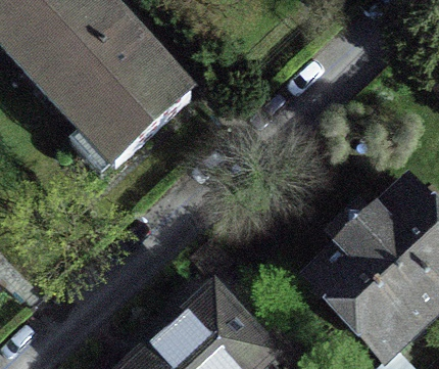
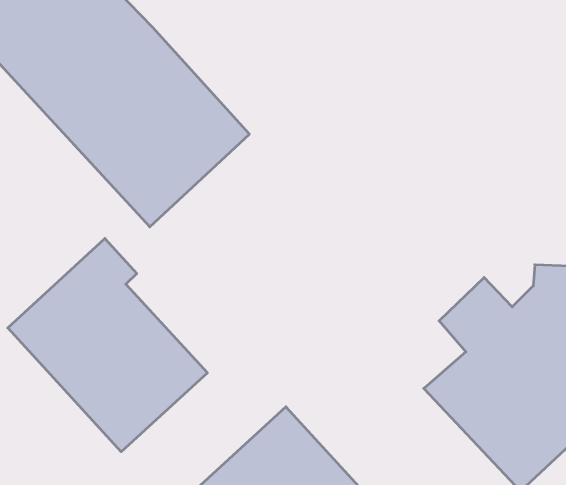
building: none -> [8,238,207,452]

